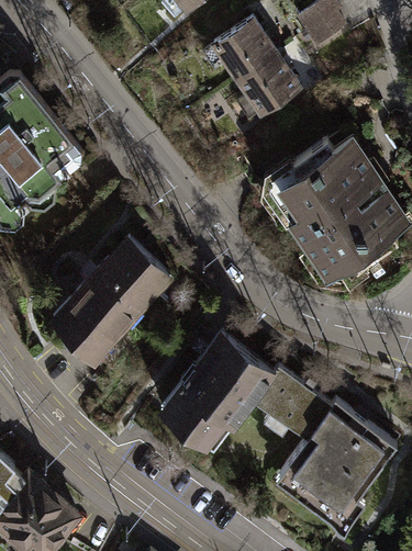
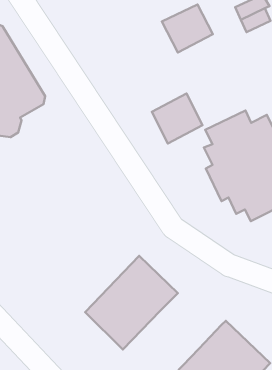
building: [236,54,300,117] -> [152,94,202,143]
building: [53,240,170,358] -> none
building: [254,367,331,439] -> none

